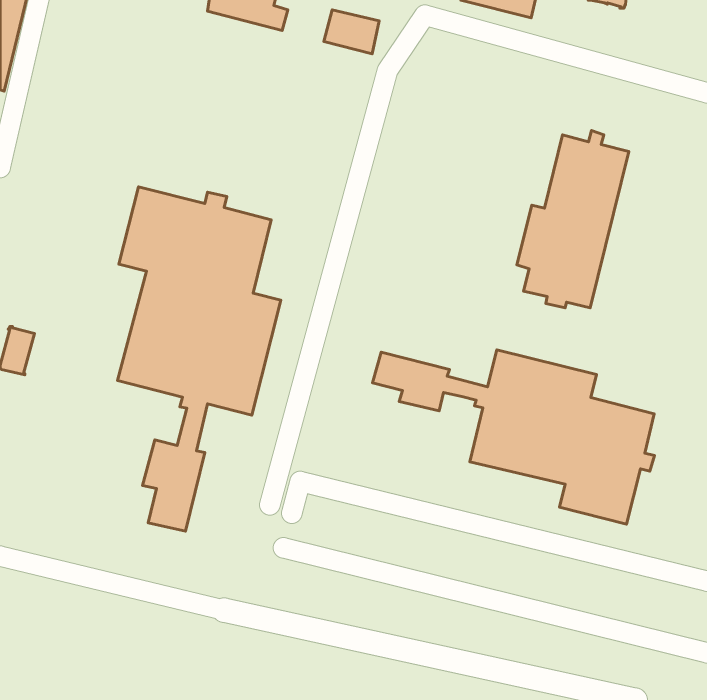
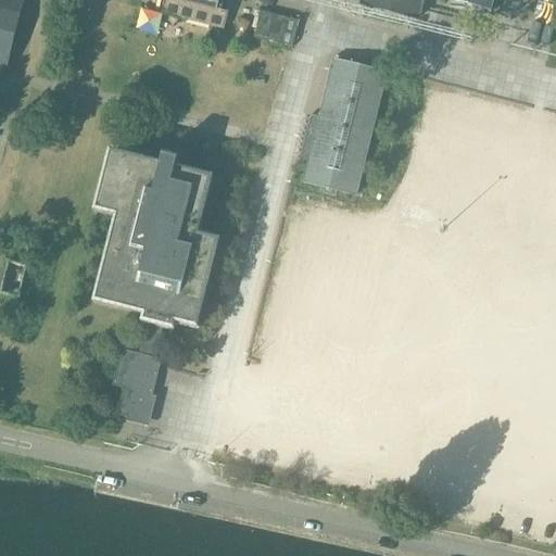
building: [517,131,629,308] -> [298,52,386,191]
building: [373,350,654,524] -> none

